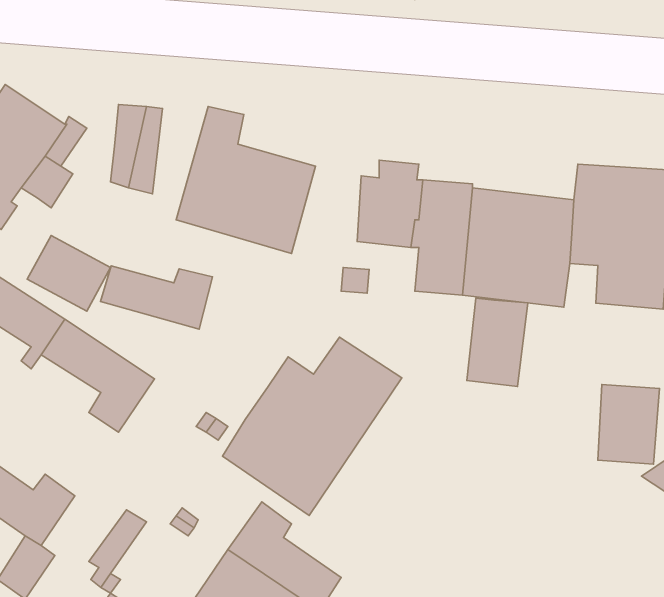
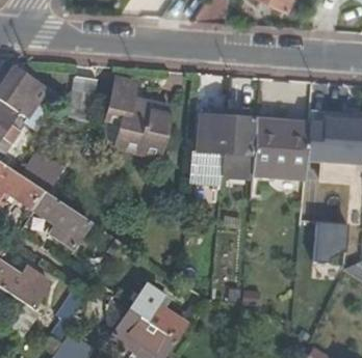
building: [100,266,212,329] -> none
building: [467,298,528,386] -> none
building: [222,337,402,516] -> none

